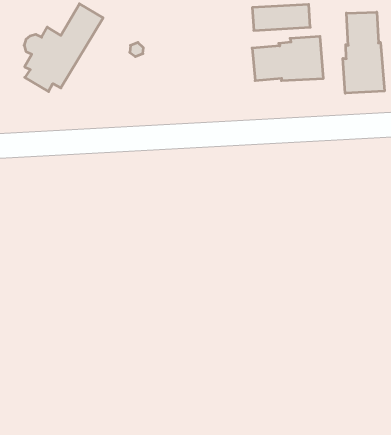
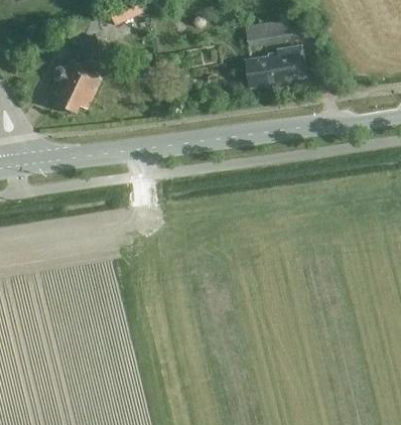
building: [343,12,384,93] -> none

